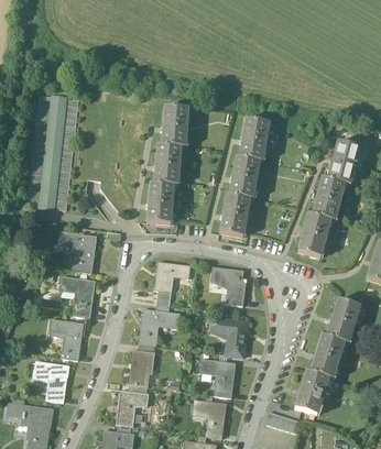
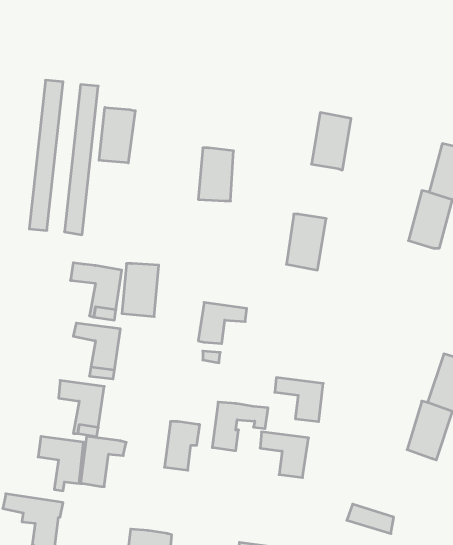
building: [162,107,188,147] -> none
building: none -> [99,107,135,163]
building: [229,157,259,198] -> none
building: [146,184,174,223] -> [122,264,159,317]
building: [298,213,330,258] -> none
building: [211,266,246,299] -> none
building: [139,309,181,346] -> [212,402,268,451]
building: [295,370,329,415] -> none
building: [116,390,150,427] -> [81,437,126,487]
building: [193,399,227,432] -> none

